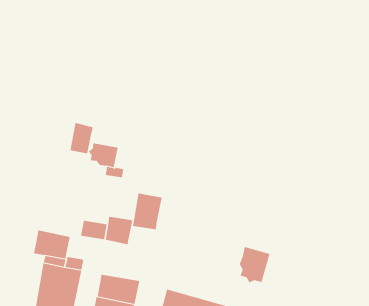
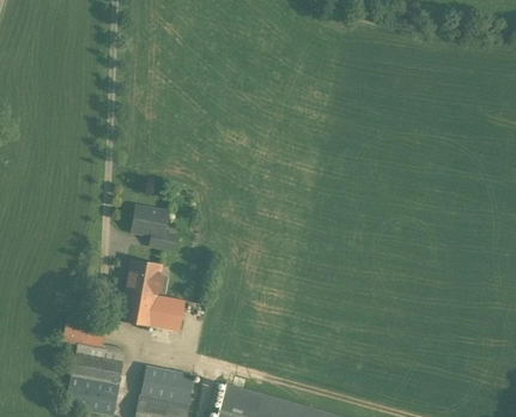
building: [70,122,93,154] -> none
building: [132,193,163,230] -> [125,259,162,304]
building: [239,246,270,283] -> none

